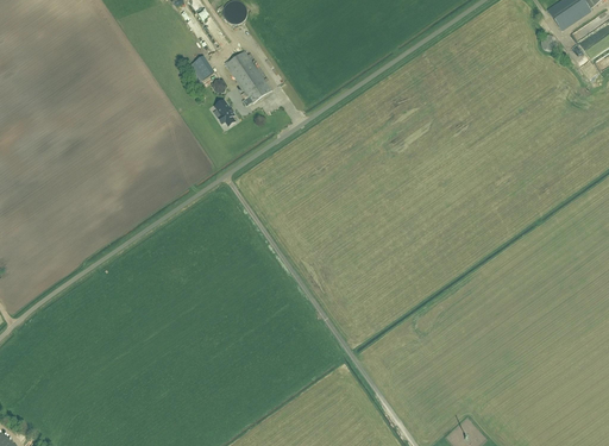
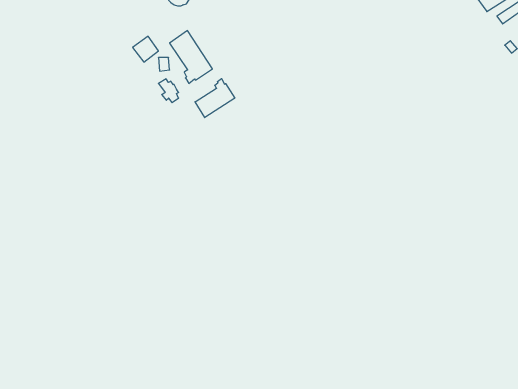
building: none -> [195,79,235,118]

